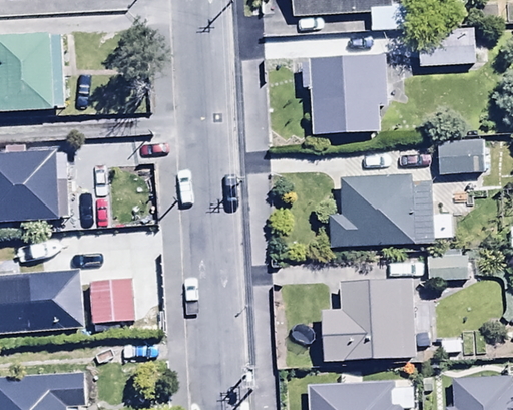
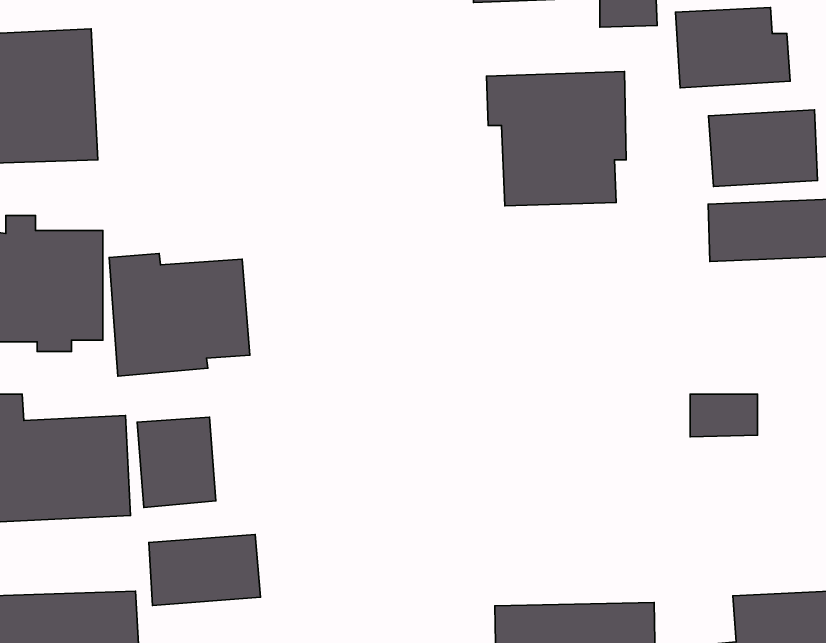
building: none -> [709,110,817,187]
building: none -> [109,254,250,376]
building: [330,175,431,248] -> none
building: [320,279,419,365] -> none
building: none -> [149,534,261,606]

